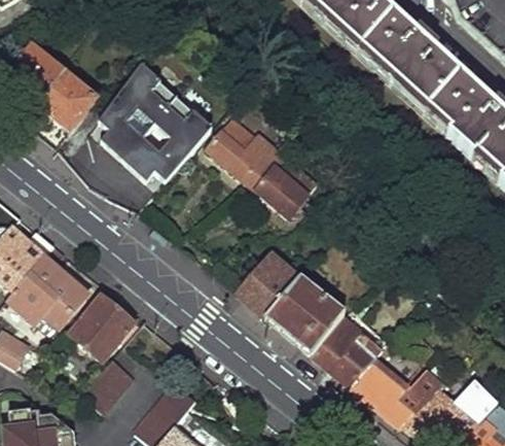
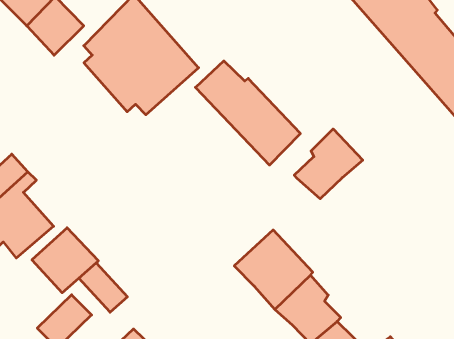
building: none -> [294,129,363,199]
building: [240,252,301,315] -> none
building: none -> [79,263,127,312]

